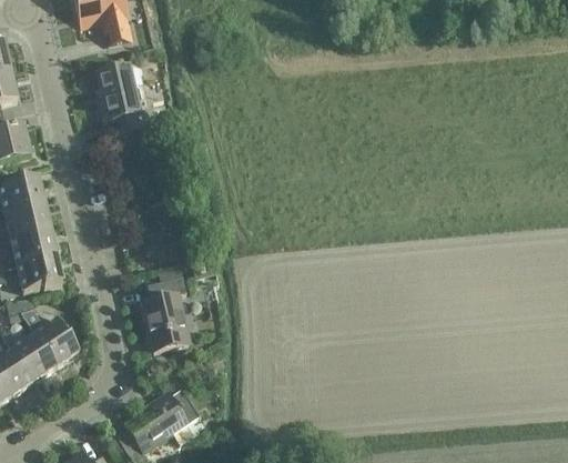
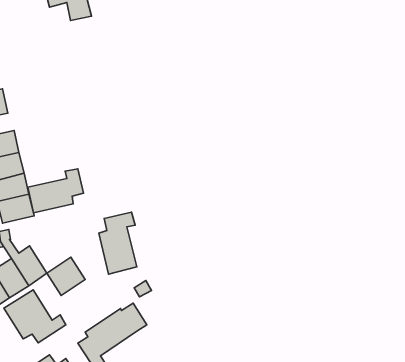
building: [97,62,149,131] -> none
building: none -> [28,169,84,213]
building: none -> [47,257,85,295]
building: none -> [4,290,66,343]

